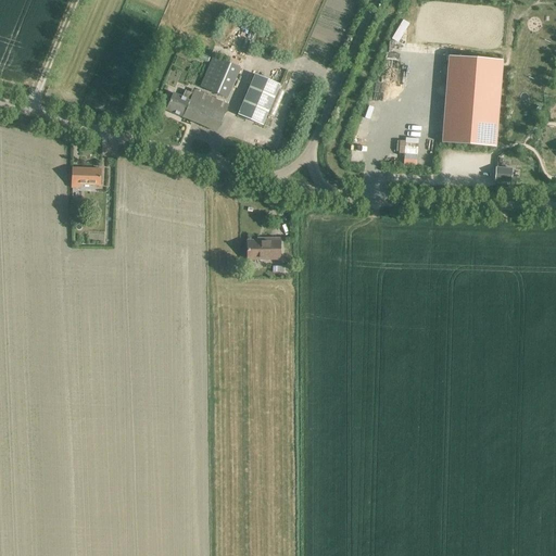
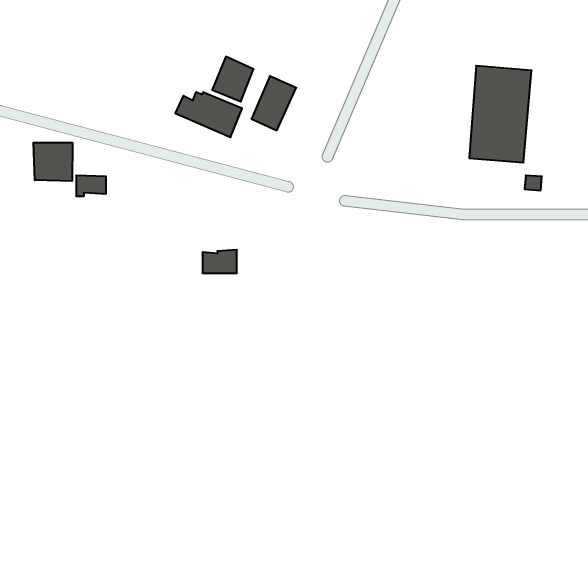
building: none -> [33,143,72,181]
building: [248,235,280,256] -> [202,250,237,273]

